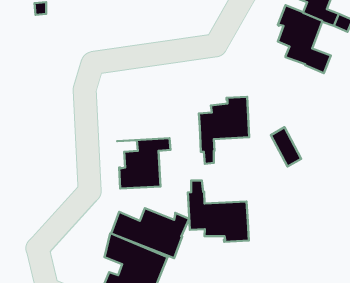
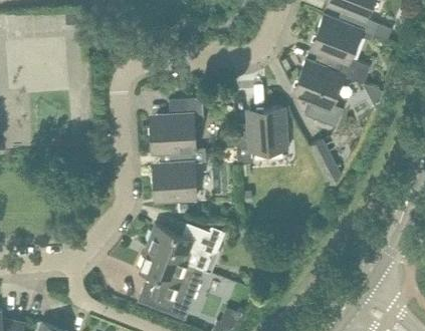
building: none -> [297,60,344,127]
building: none -> [151,98,205,153]
building: [188,181,249,242] -> none

